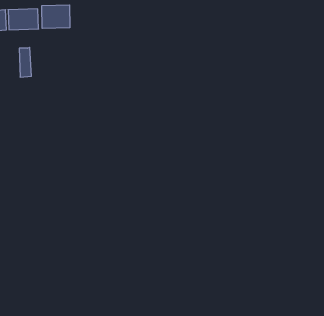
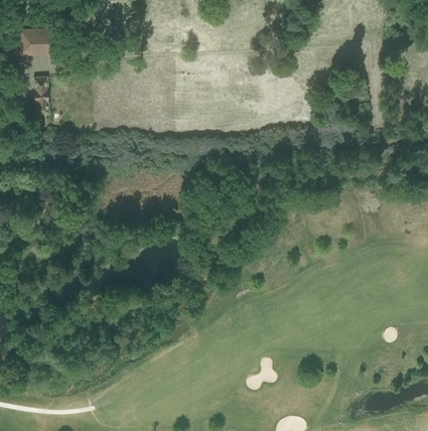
building: [42,5,70,28] -> none

